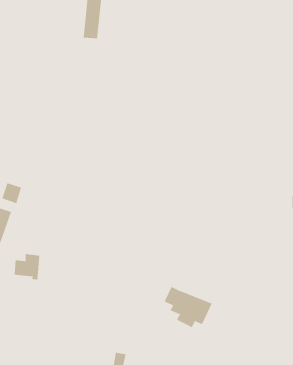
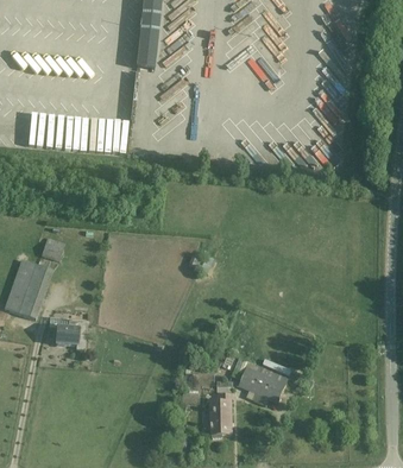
building: none -> [210,390,231,434]

